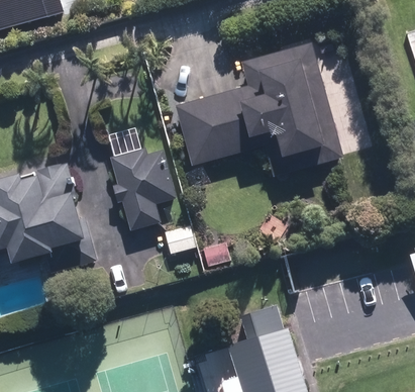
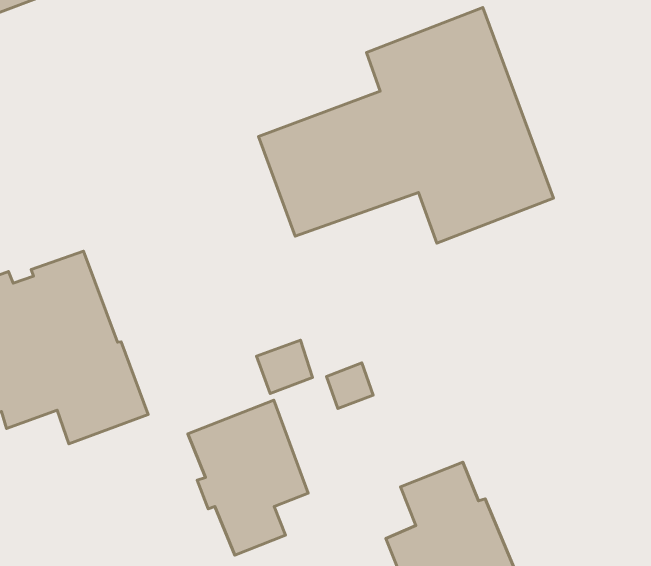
building: [109,142,176,230] -> [188,400,308,555]

